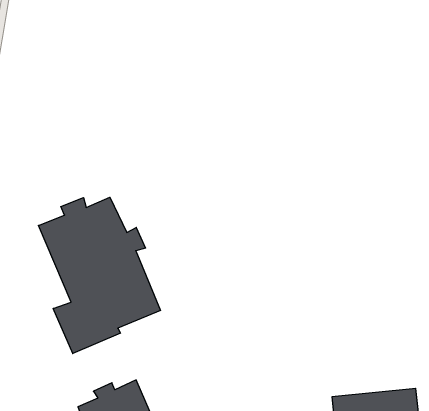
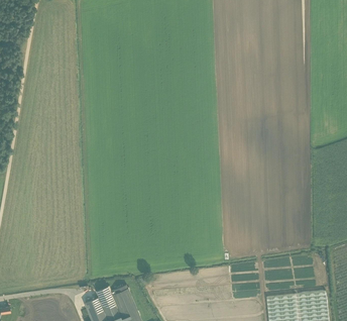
building: [38,197,161,354] -> none

